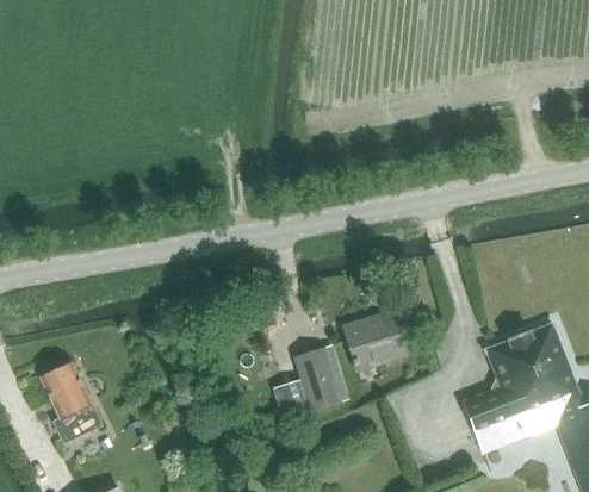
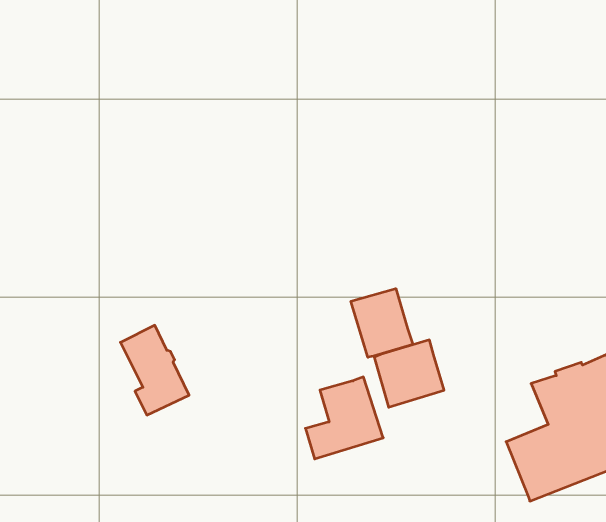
building: none -> [351,289,413,357]
building: [41,362,103,443] -> [120,325,189,415]

